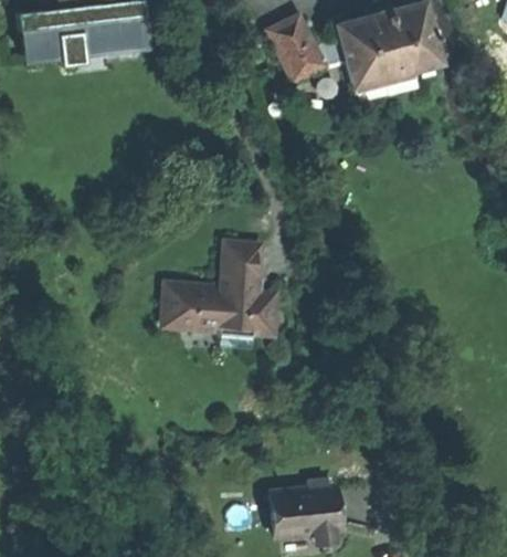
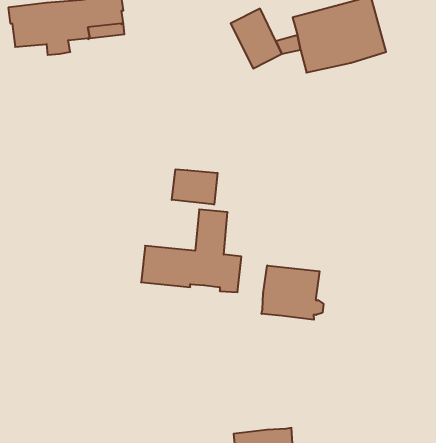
building: none -> [172,169,218,205]
building: none -> [262,265,323,320]

